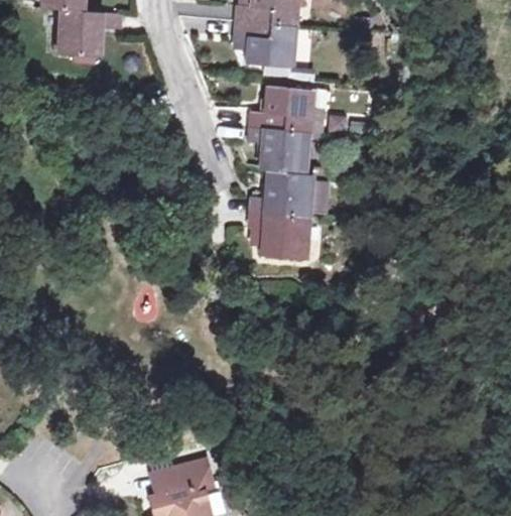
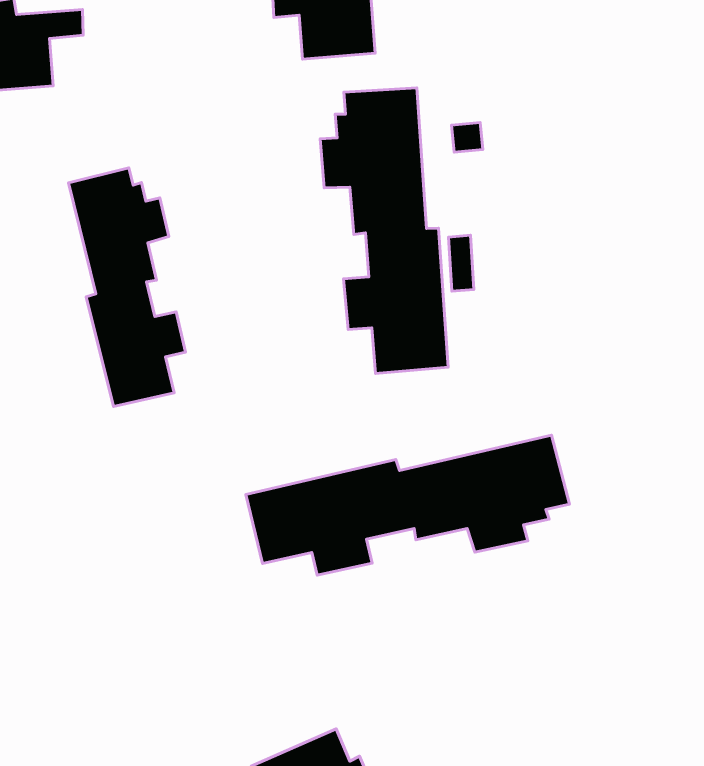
building: none -> [68,168,185,407]
building: none -> [246,435,570,575]

